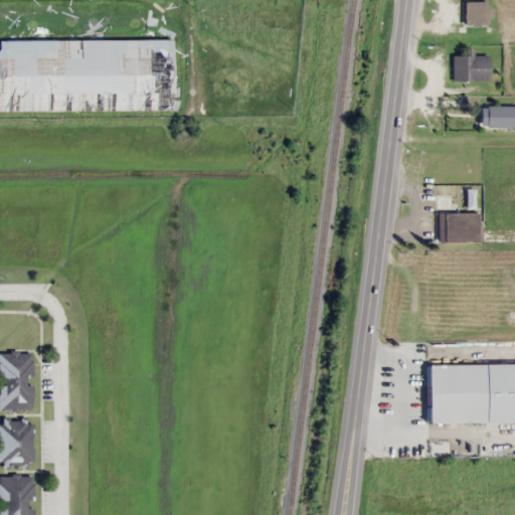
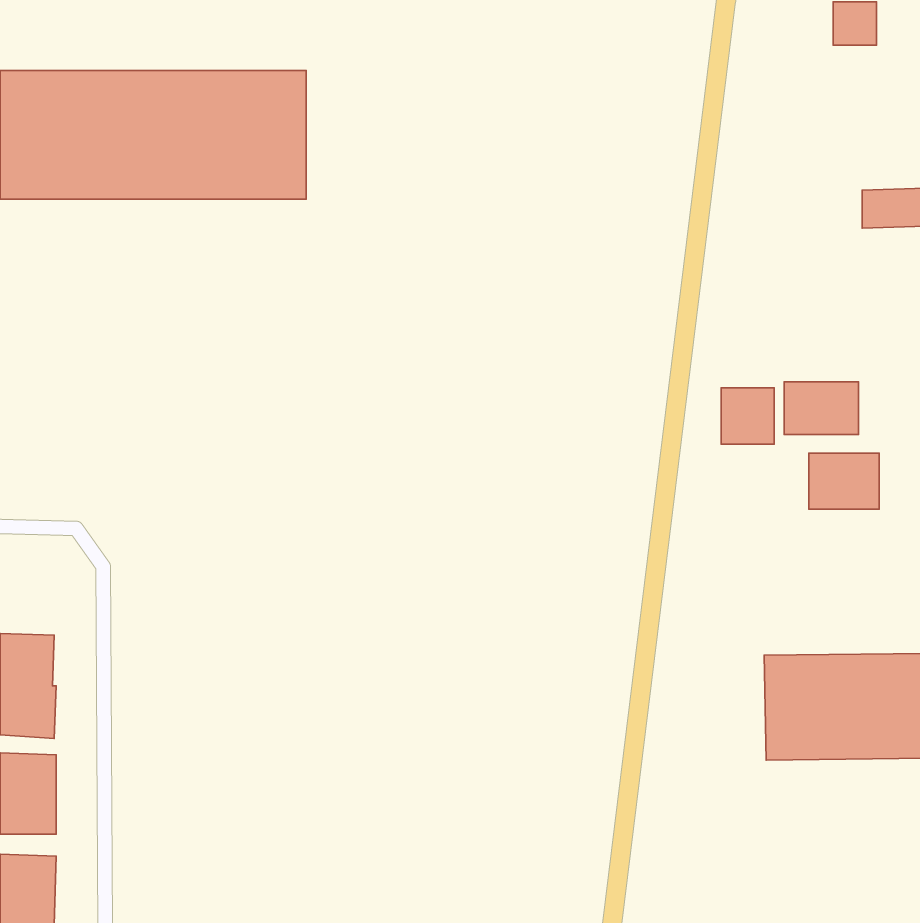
building: [454,50,490,81] -> none
building: none -> [721,388,774,444]
building: none -> [809,453,879,509]

